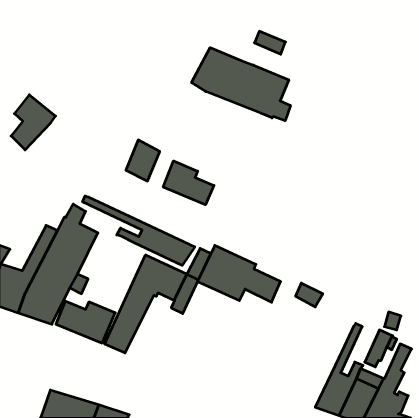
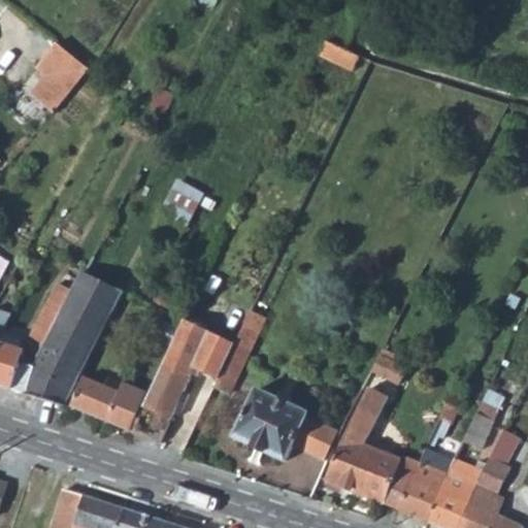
building: [192,48,290,121] -> none
building: [11,95,56,150] -> [33,44,89,113]
building: [163,161,214,205] -> none
building: [83,196,195,265] -> none
building: [198,245,281,302] -> [233,390,337,461]
building: none -> [323,383,425,510]

